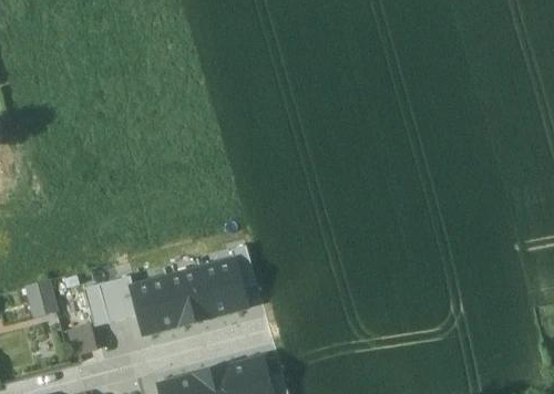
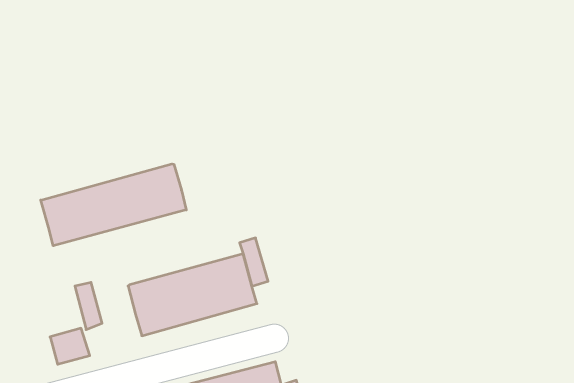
building: none -> [41,164,186,246]
building: [96,276,136,321] -> none
building: [27,282,55,315] -> none

